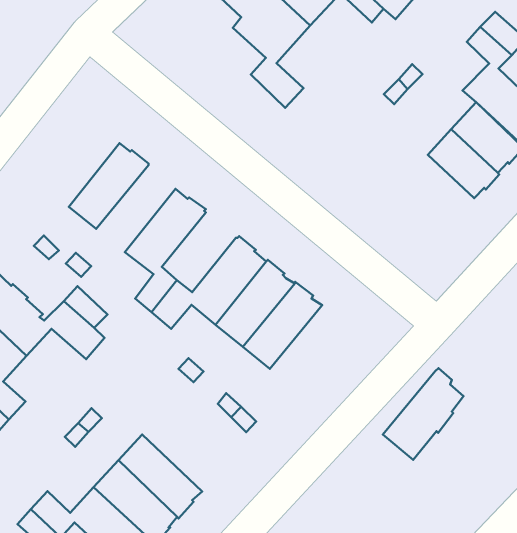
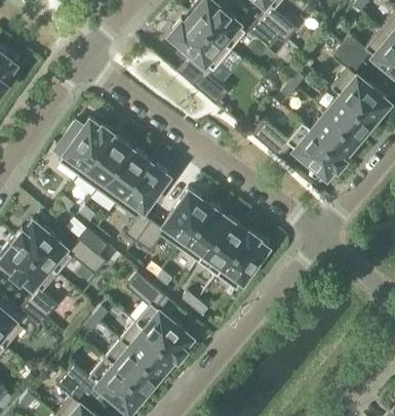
building: none -> [60,120,113,177]
building: none -> [253,123,346,177]
building: none -> [98,148,150,205]
building: none -> [128,274,192,360]
building: [383,368,464,460] -> [216,231,268,291]

